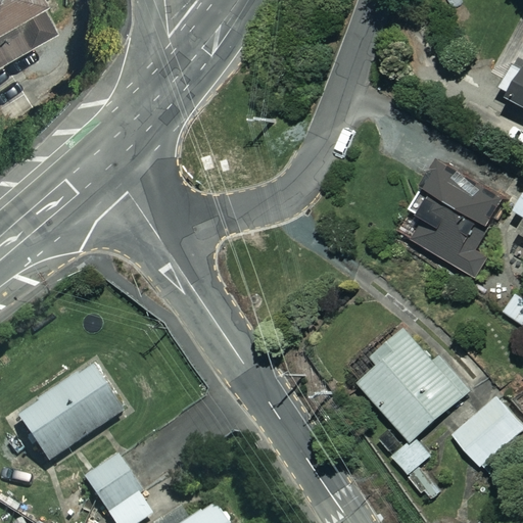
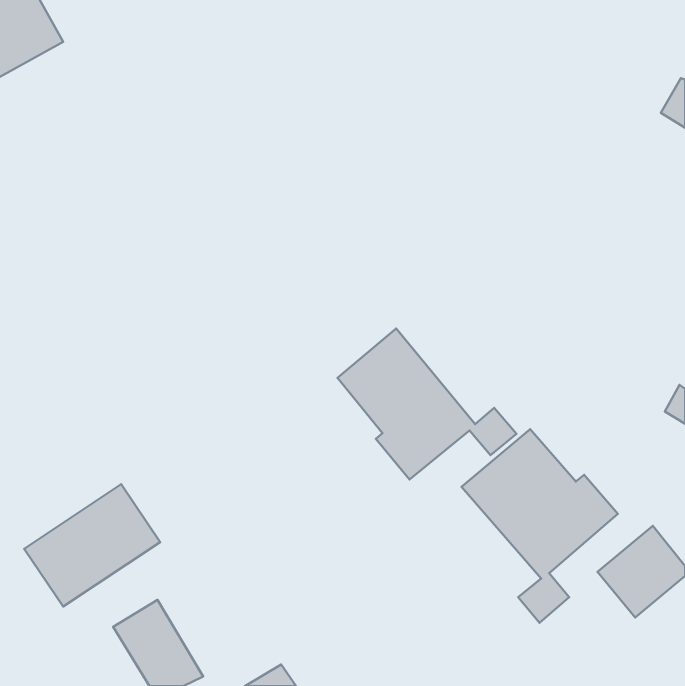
building: [410,160,504,269] -> none
building: none -> [337,328,516,480]

